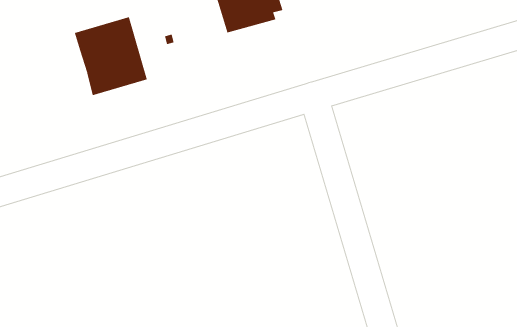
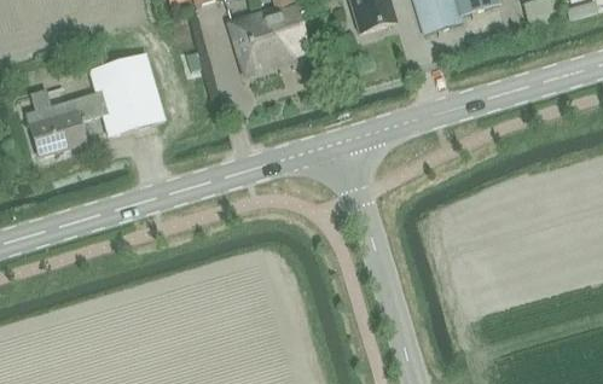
building: none -> [28,89,102,156]

